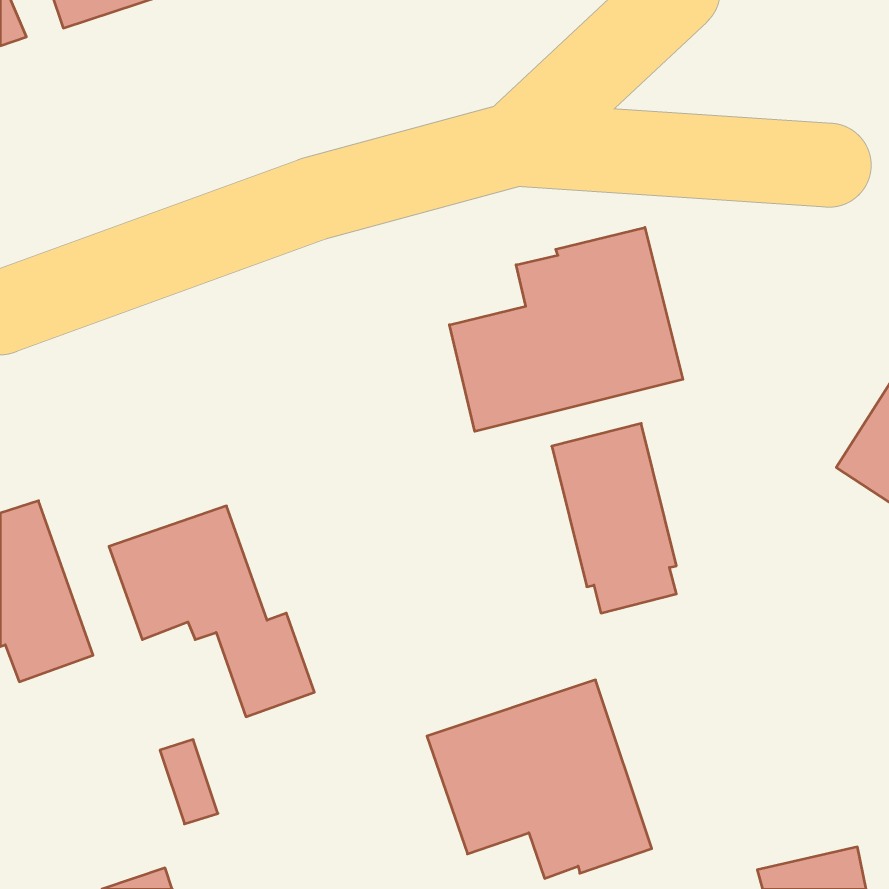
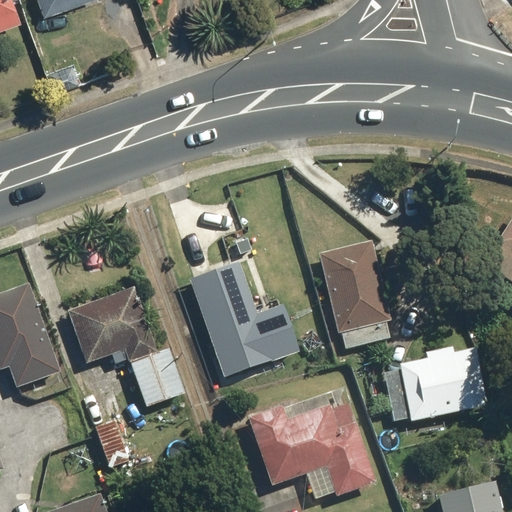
building: [449,227,683,431] -> none
building: none -> [194,253,307,370]
building: none -> [384,348,484,422]

